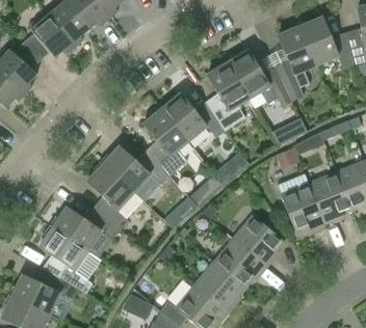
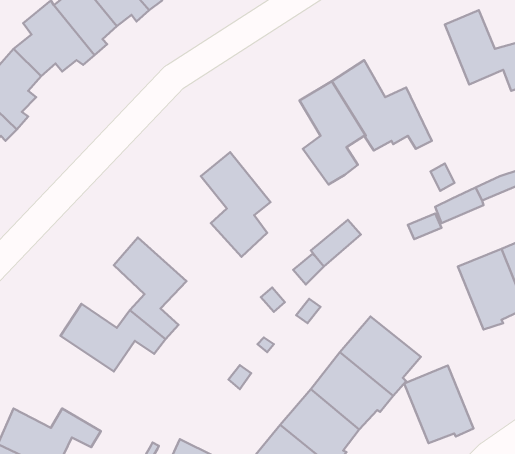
building: [276,27,316,102] -> none
building: [162,93,226,141] -> none
building: [103,146,169,192] -> none
building: [281,183,325,233] -> [404,366,474,443]
building: [40,227,93,293] -> none

